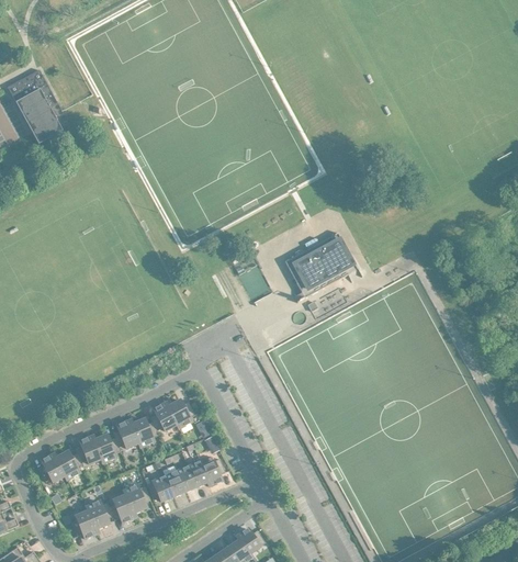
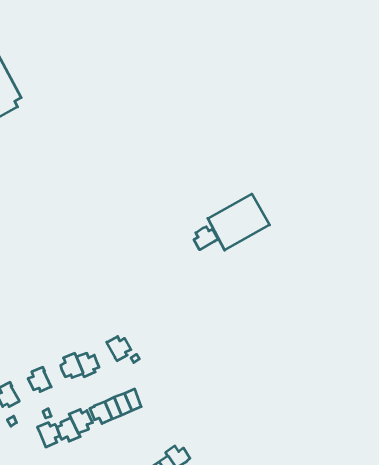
building: none -> [194,227,218,250]
building: [149,402,176,430] -> none
building: [92,435,120,463] -> none
building: [54,451,82,480] -> none
building: [199,457,224,486] -> none
building: [70,510,97,539] -> none

